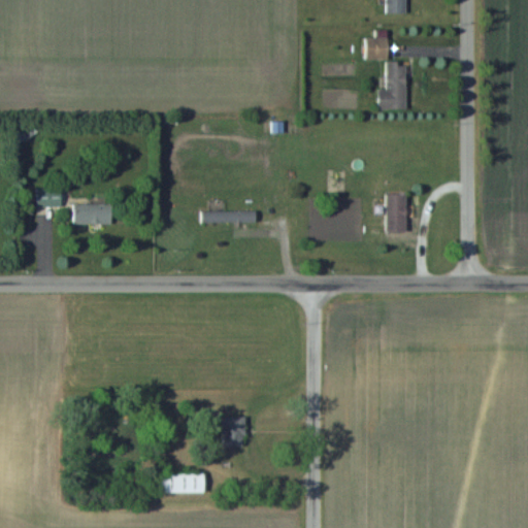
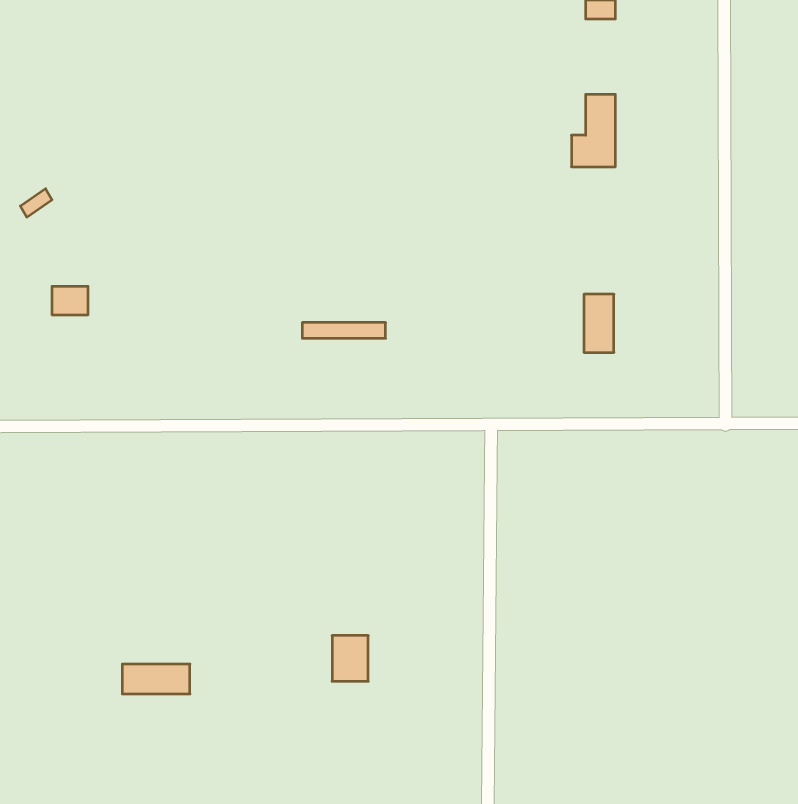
building: [366,37,389,59] -> none
building: [74,203,112,224] -> none
building: [160,473,204,493] -> [122,664,190,694]

